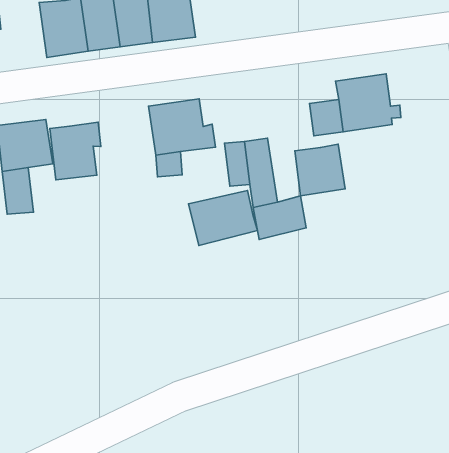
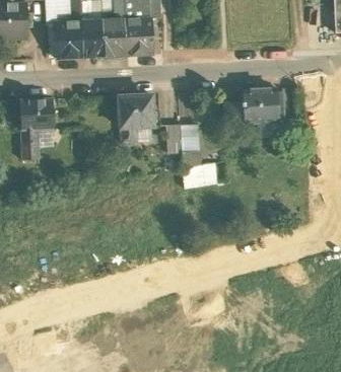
building: [50,122,101,180] -> none
building: [295,144,345,196] -> none
building: [188,190,257,245] -> none

